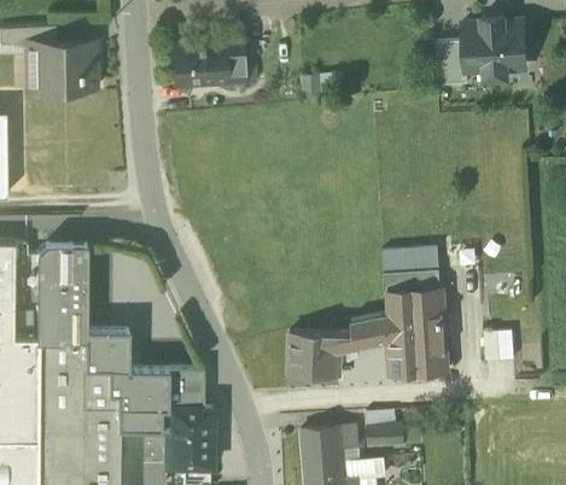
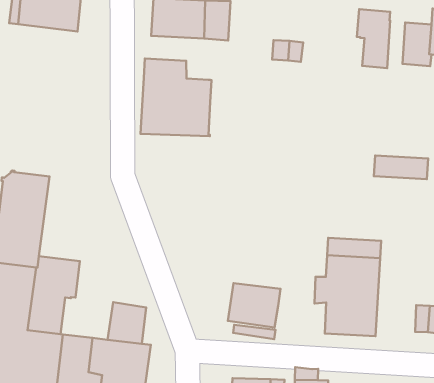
building: none -> [357,9,390,68]
building: none -> [141,59,211,136]
building: [381,250,438,275] -> [374,155,428,179]
building: [339,317,377,352] -> none
building: [116,369,167,409] -> none

